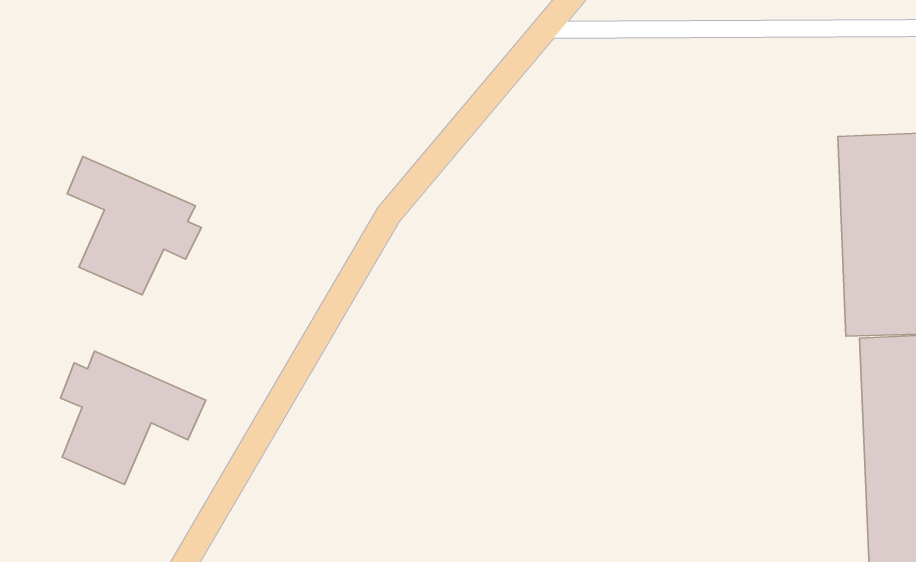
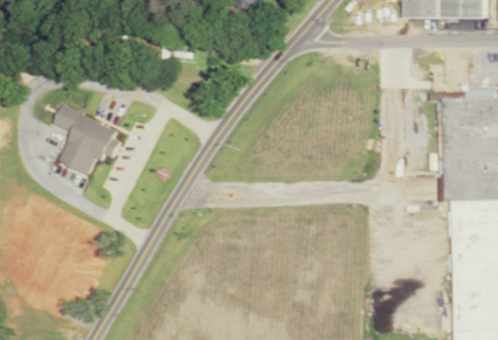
building: [61,351,206,485] -> none

